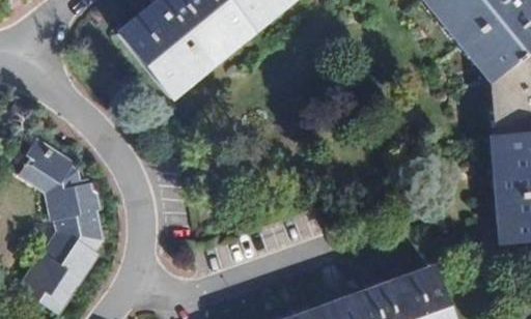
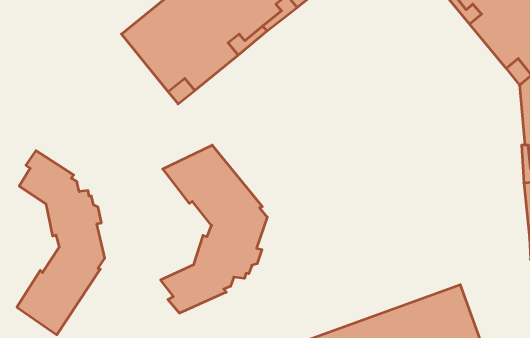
building: none -> [161,145,267,313]

